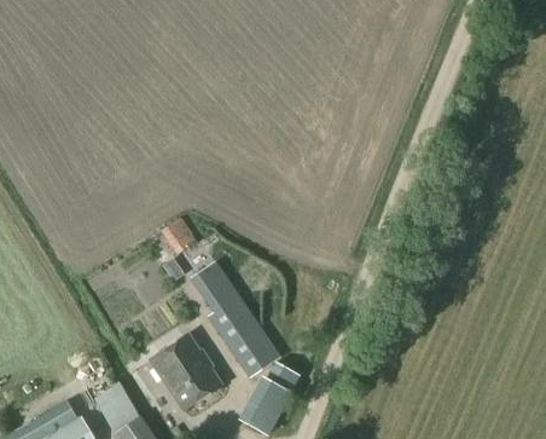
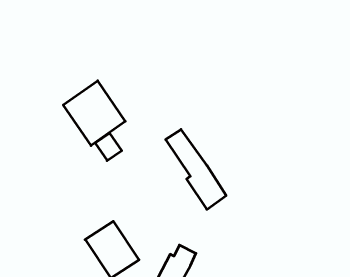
building: none -> [63,81,125,146]
building: [194,266,274,371] -> [166,129,226,209]

